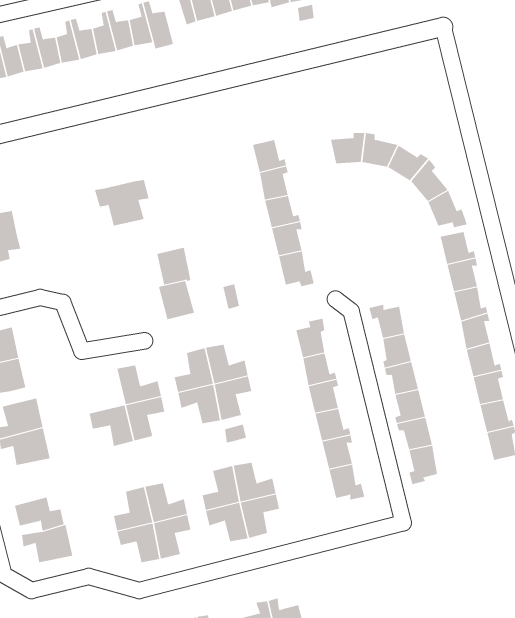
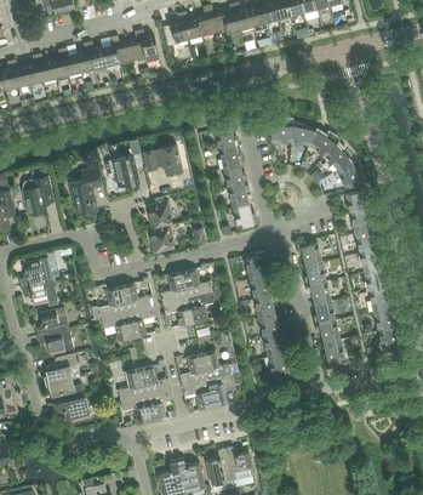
building: none -> [143,146,183,175]
building: none -> [69,167,102,215]
building: none -> [92,286,126,319]
building: none -> [45,353,78,382]

